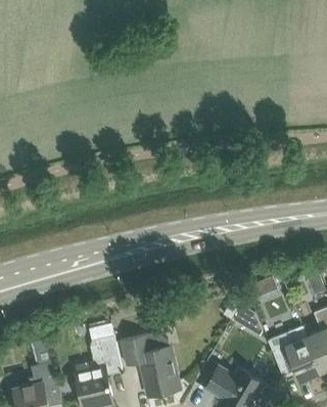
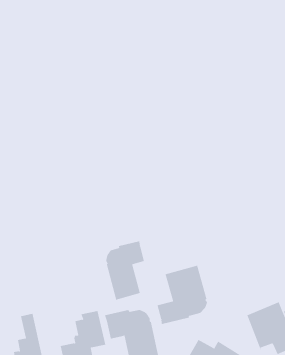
building: none -> [106,240,144,300]
building: none -> [157,265,207,325]

